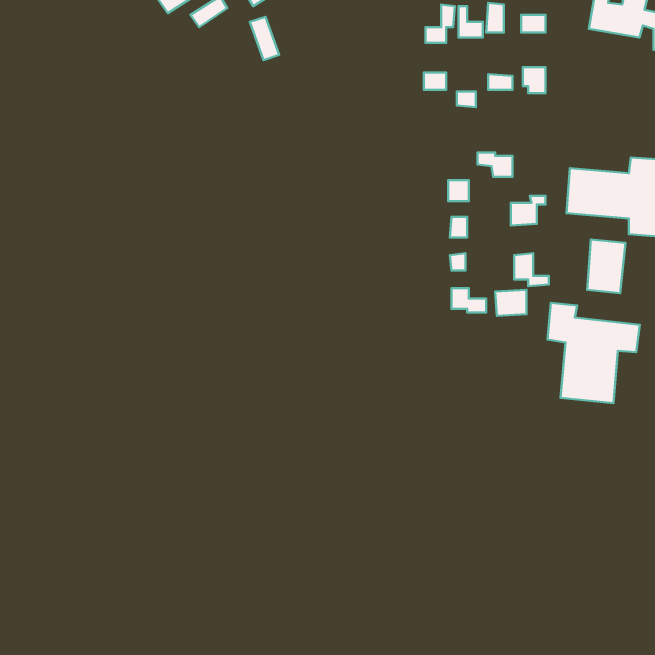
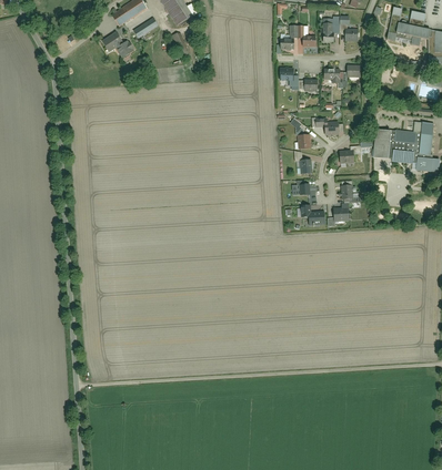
building: none -> [101,31,134,59]
building: [547,303,640,403] -> none

